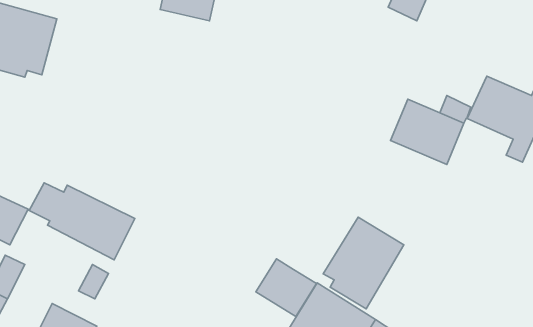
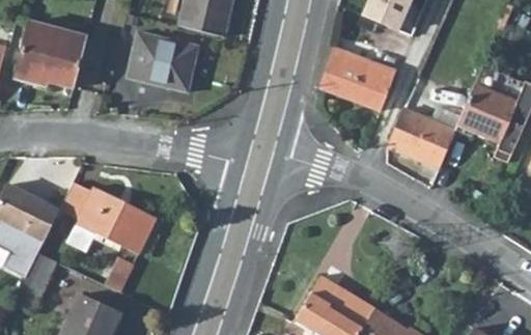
building: none -> [127,33,197,91]
building: none -> [319,48,395,110]
building: [323,217,404,309] -> none
building: [256,259,317,316] -> none

